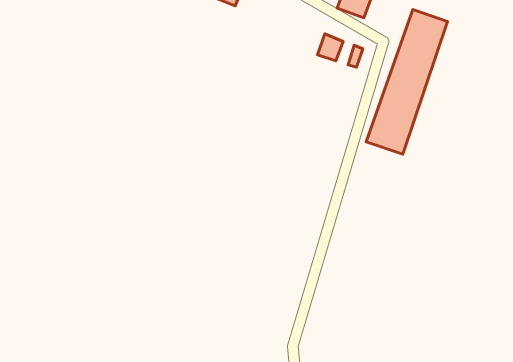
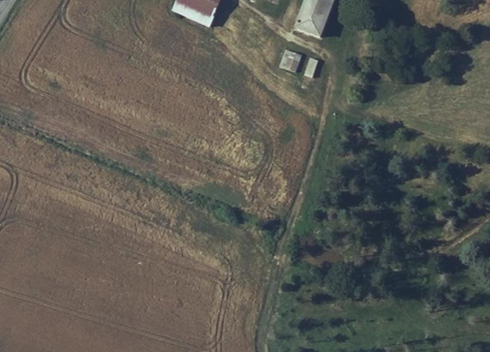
building: [366,9,448,154] -> none

